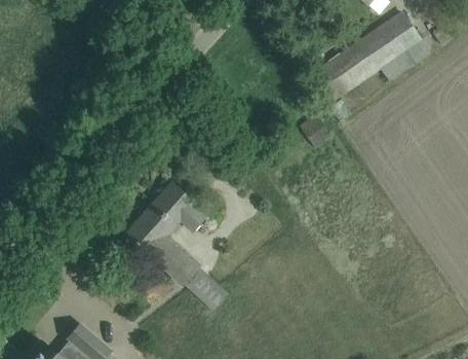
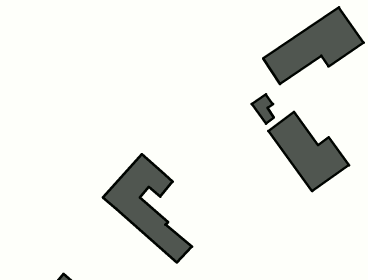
building: none -> [268,112,349,191]

